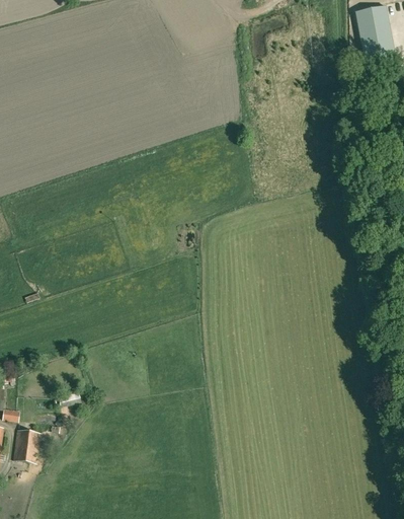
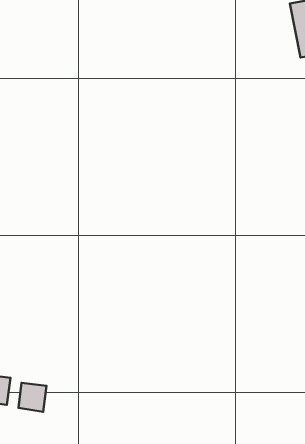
building: none -> [18,383,47,412]

